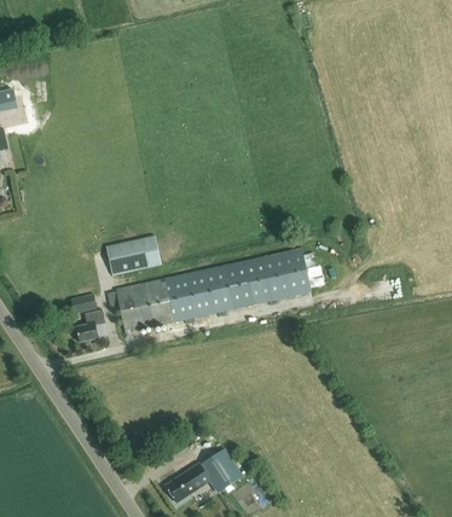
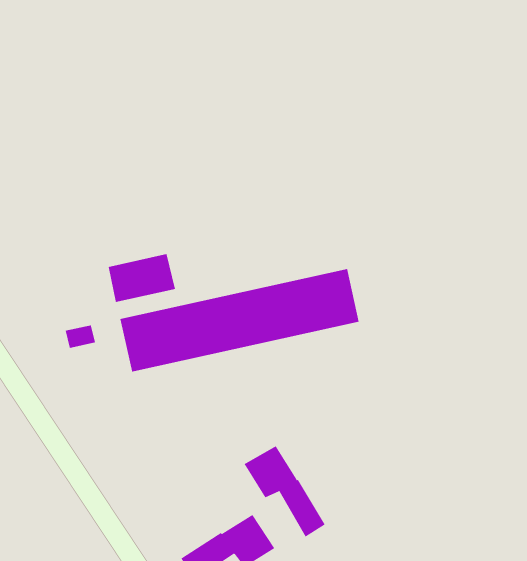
building: [75,309,104,342] -> none
building: none -> [244,445,325,537]

